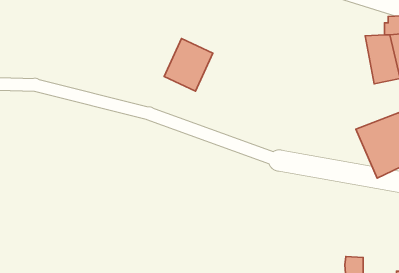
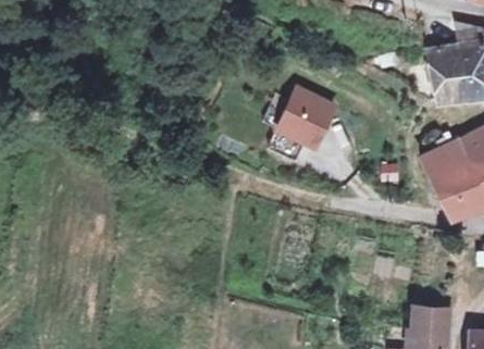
building: [164,39,213,91] -> [273,84,331,146]

